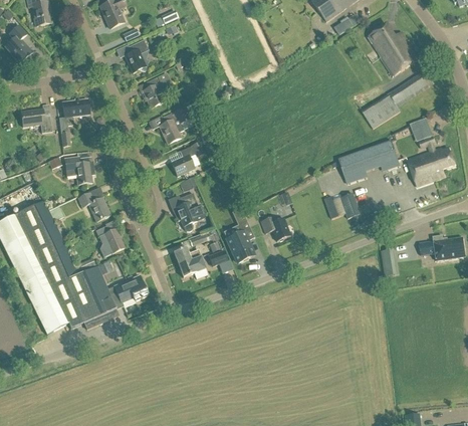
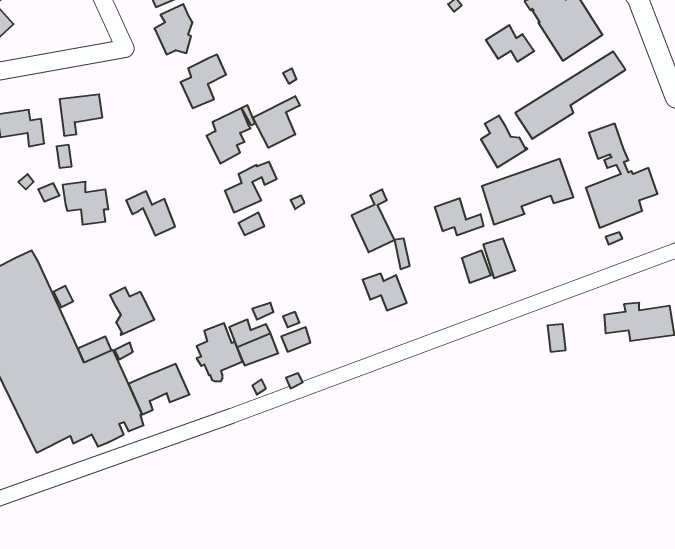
building: none -> [486,25,534,62]
building: none -> [253,96,300,148]
building: none -> [481,115,527,168]
building: none -> [435,198,483,235]
building: [76,192,108,221] -> [126,191,175,236]
building: [174,192,204,230] -> [197,323,242,381]
building: [225,221,253,262] -> [352,189,394,252]

